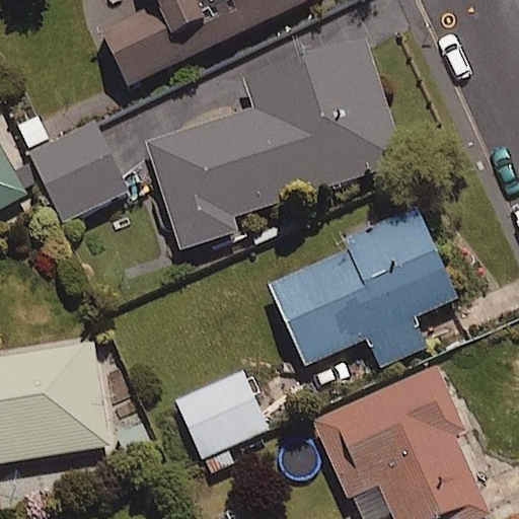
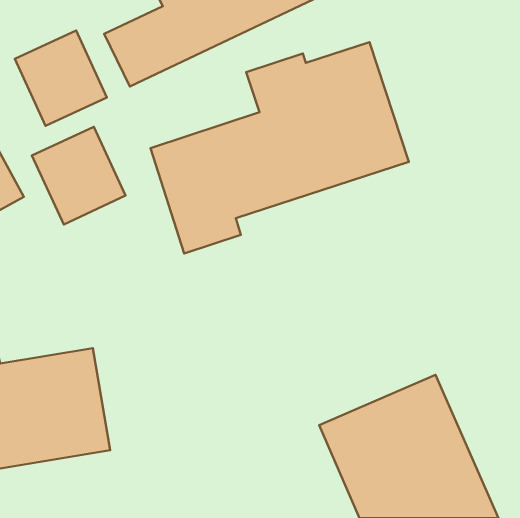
building: none -> [15,30,107,126]
building: [270,208,457,365] -> none
building: [175,369,268,470] -> none

